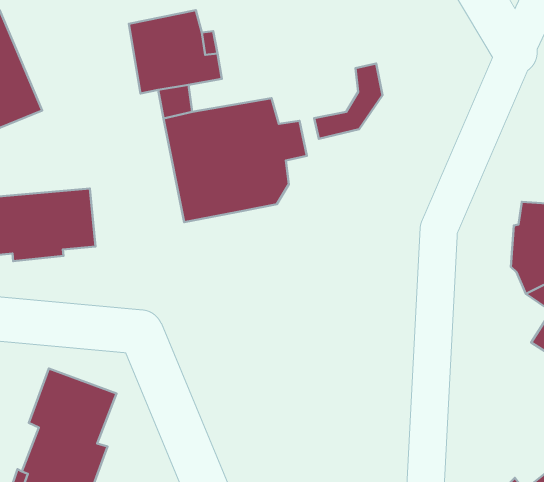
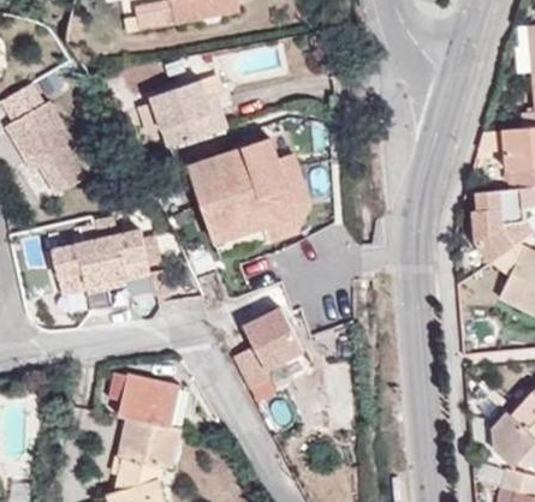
building: [314,63,382,139] -> [262,179,313,244]
building: none -> [233,305,304,387]

